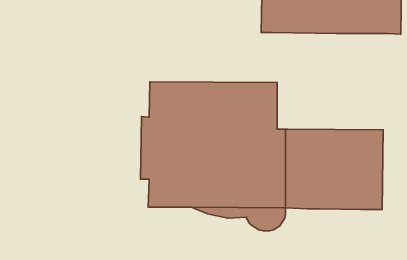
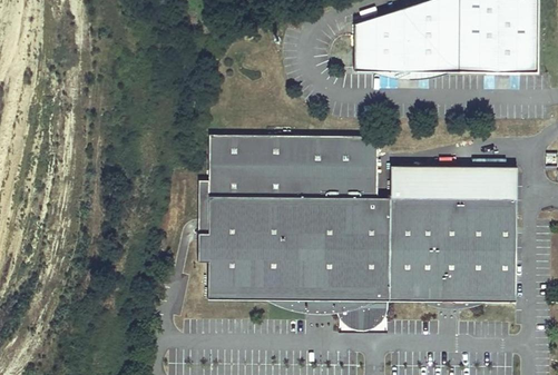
building: none -> [390,166,516,197]

